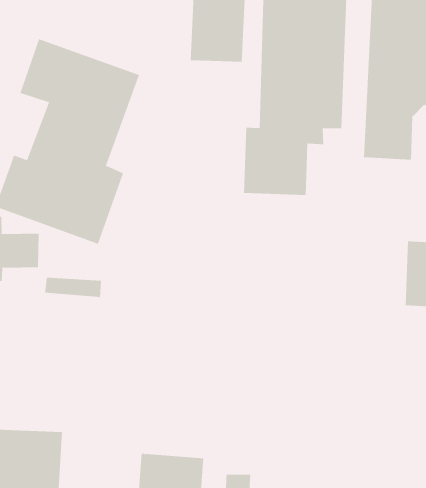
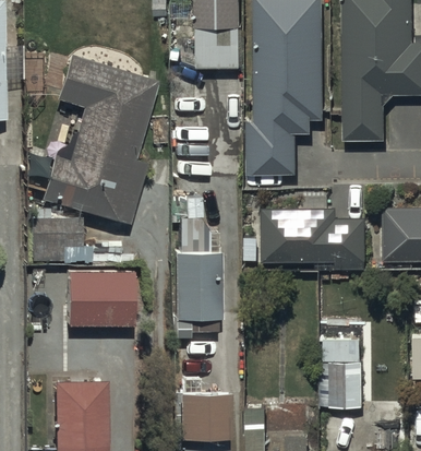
building: none -> [169,189,220,319]
building: none -> [262,206,363,270]
building: none -> [68,272,132,327]
building: none -> [318,363,360,405]

